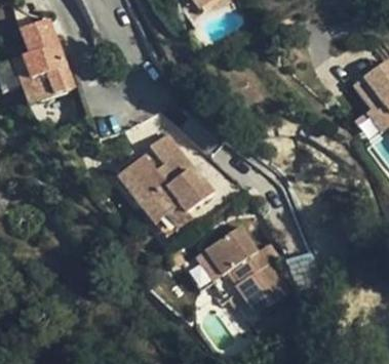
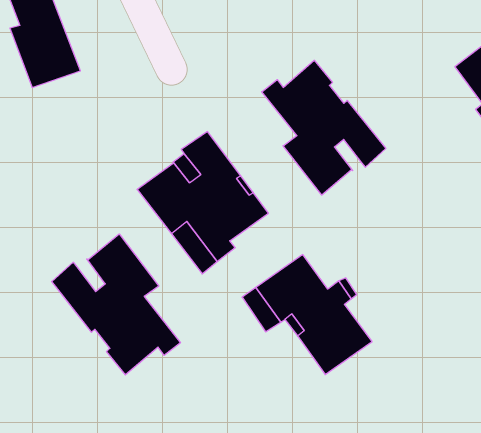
building: none -> [262,60,386,195]
building: none -> [52,234,180,375]

